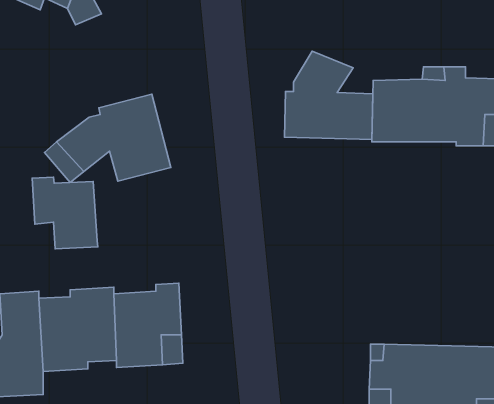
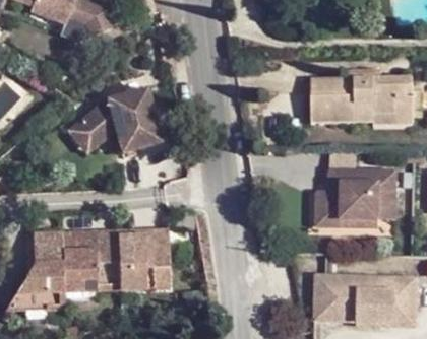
building: [284,51,373,139] -> none
building: [32,177,98,249] -> none
building: none -> [313,170,392,227]

